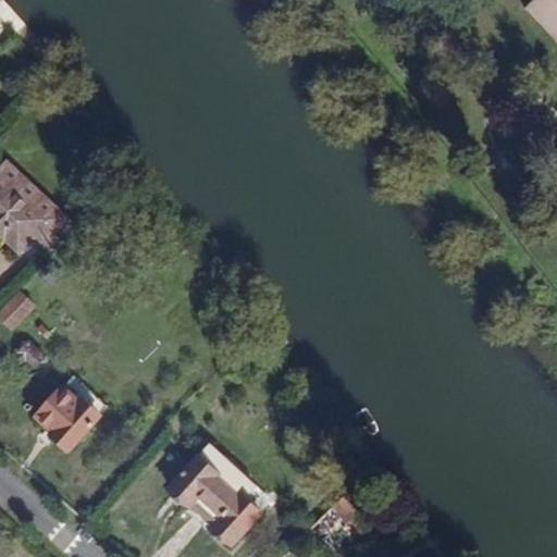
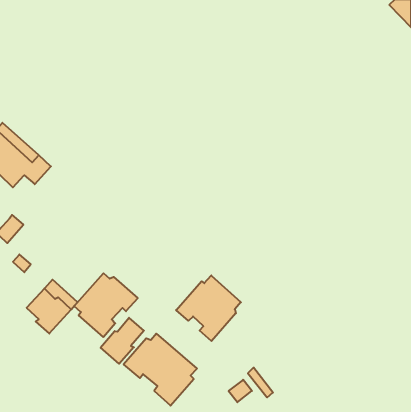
building: none -> [74,273,138,337]
building: none -> [176,275,241,341]
building: none -> [101,318,144,364]

